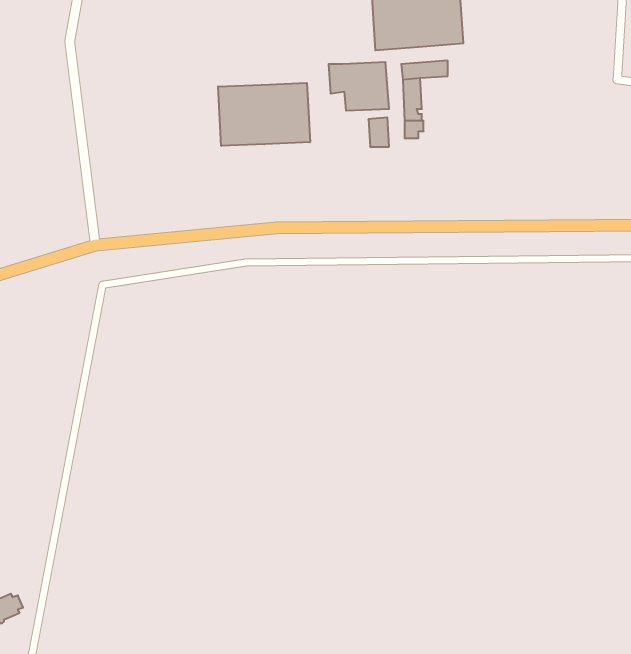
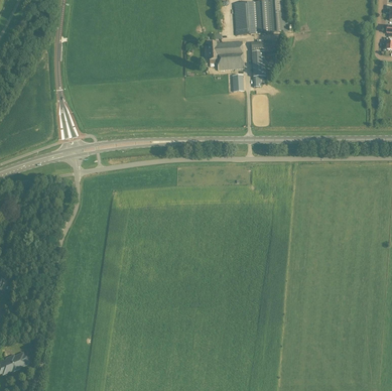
building: [218,83,310,146] -> none

